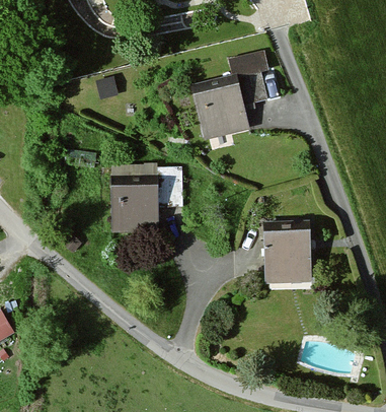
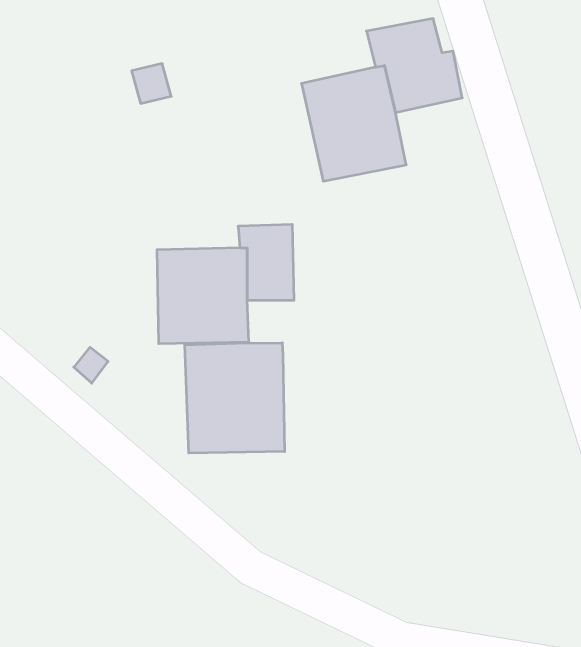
building: [264,225,312,280] -> none
building: none -> [185,343,285,453]

